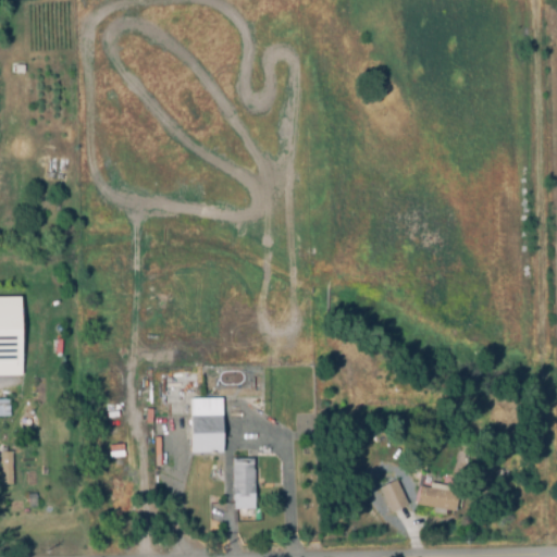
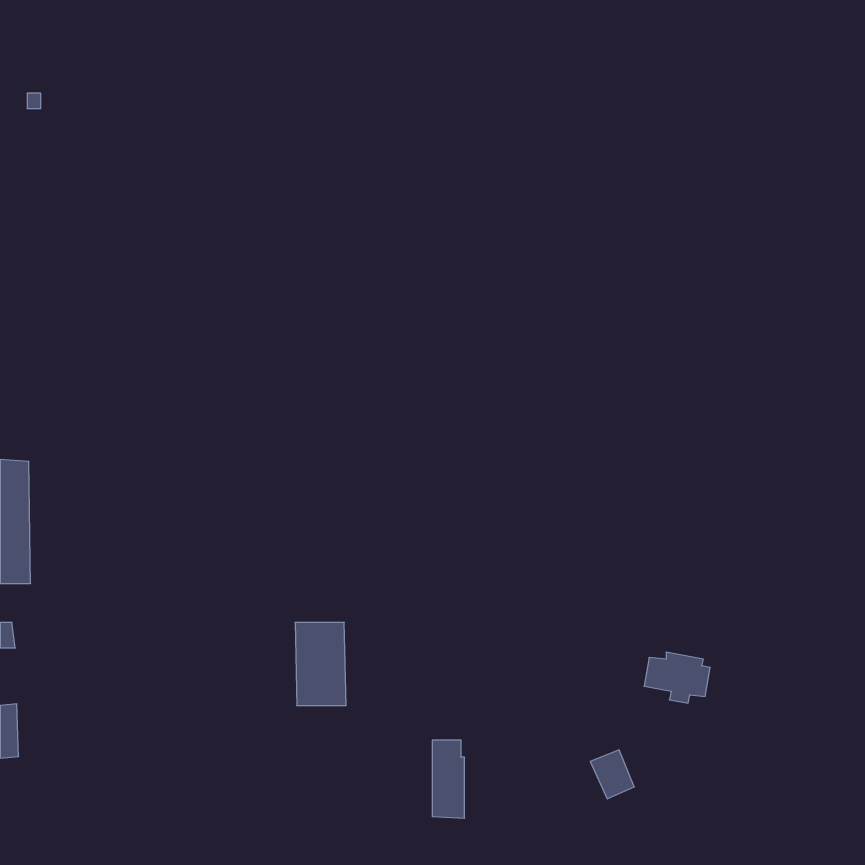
building: [234,459,255,509] -> [432,740,465,818]
building: [417,483,459,516] -> [644,652,710,703]

